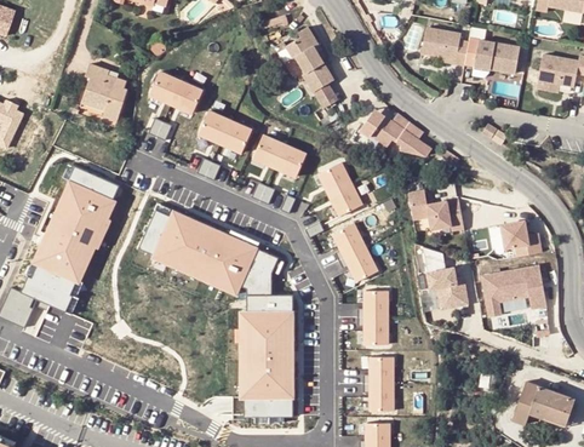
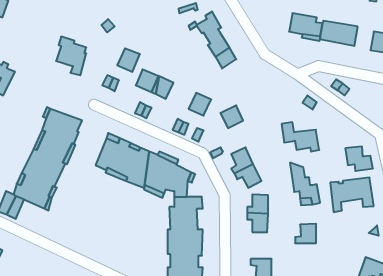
building: [149,70,182,104] -> none
building: [360,109,431,156] -> none
building: [253,134,285,167] -> none
building: [331,184,362,216] -> none
building: [363,356,394,384] -> [295,224,316,243]

